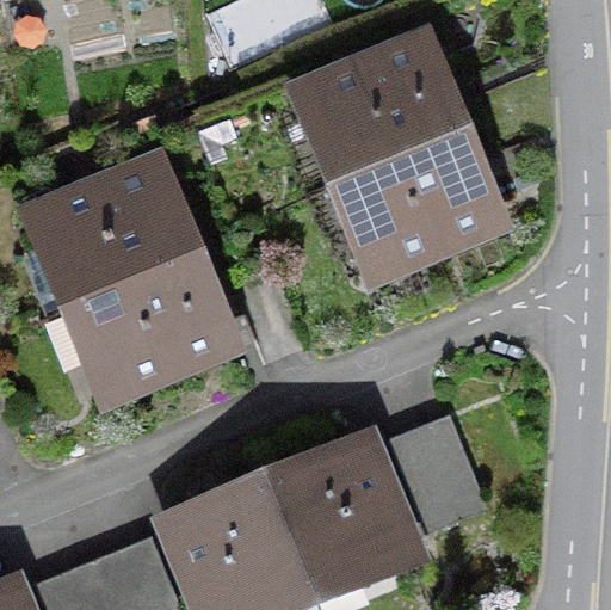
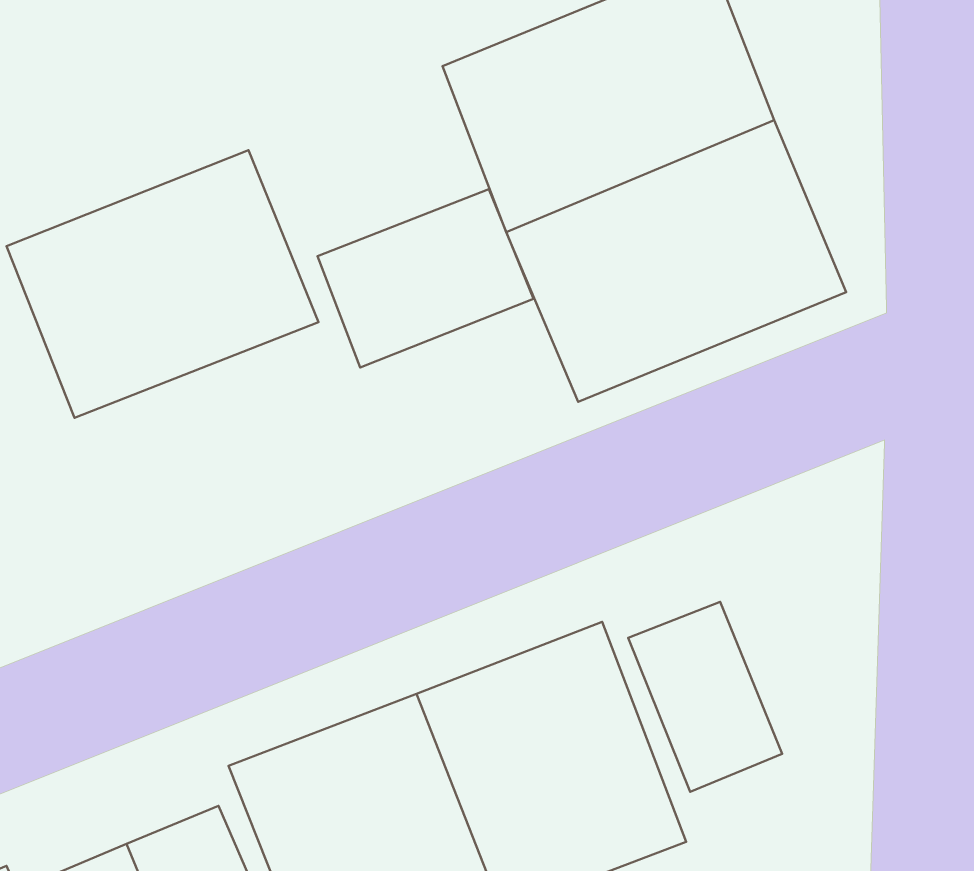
building: none -> [317,189,533,367]
building: [60,251,242,402] -> none

